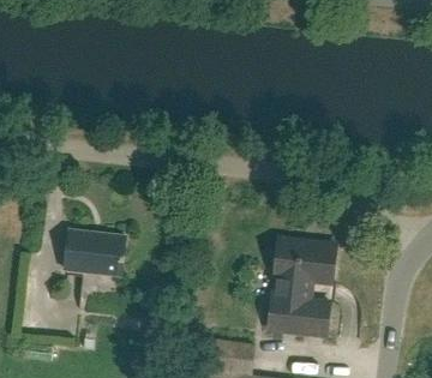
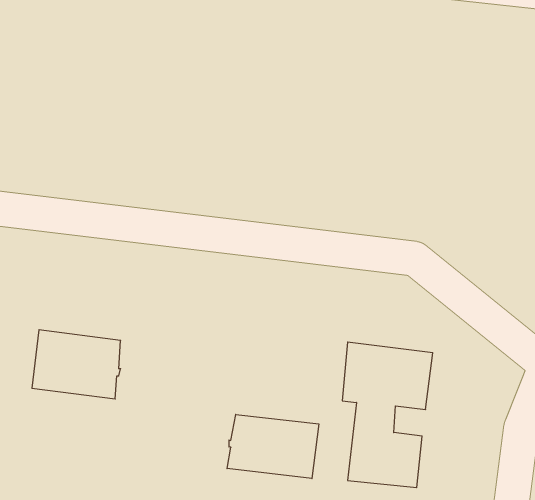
building: none -> [227,414,319,479]

